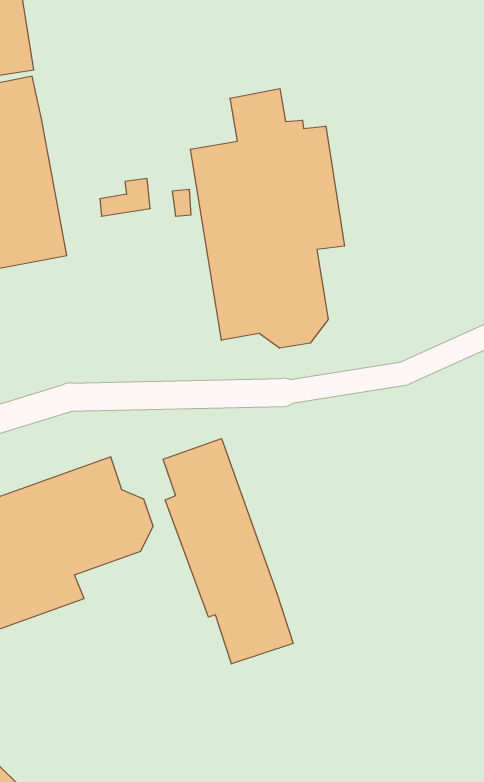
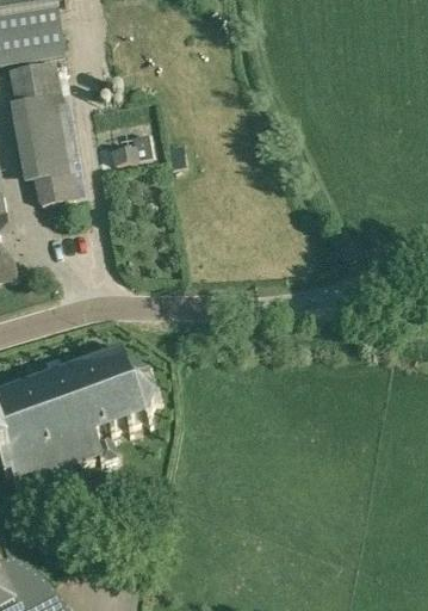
building: [191,89,345,348] -> none
building: [163,439,293,664] -> none

